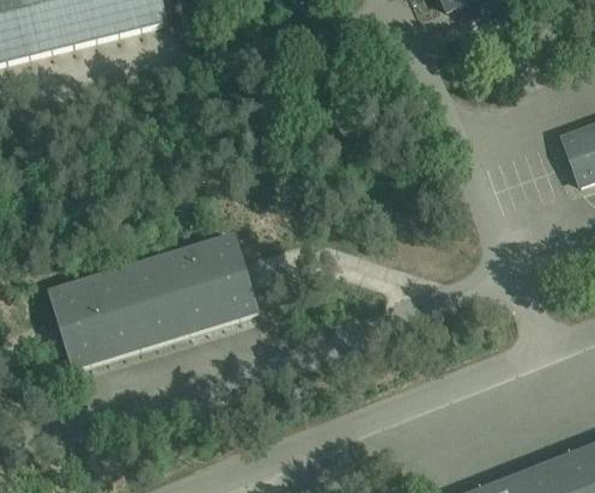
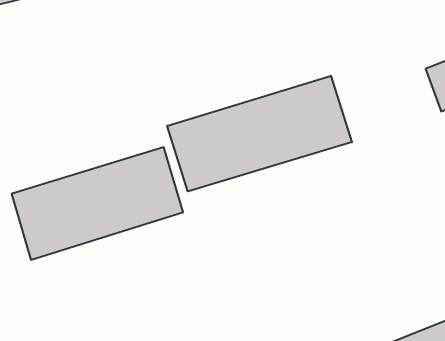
building: none -> [167,76,352,191]

